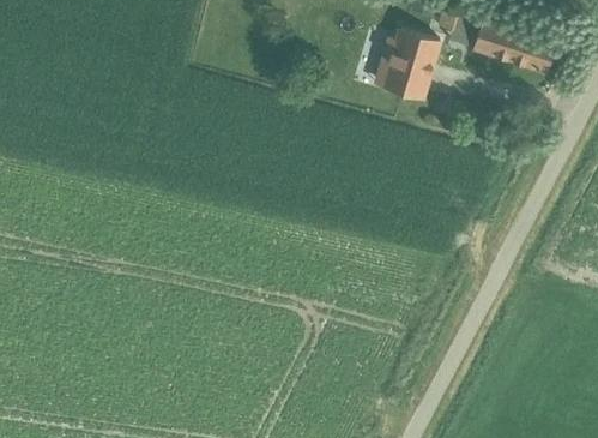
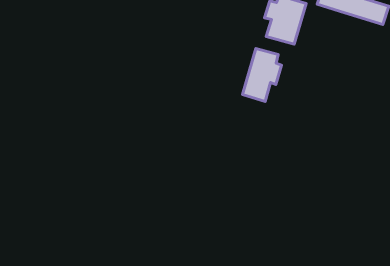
building: none -> [242,49,281,102]

